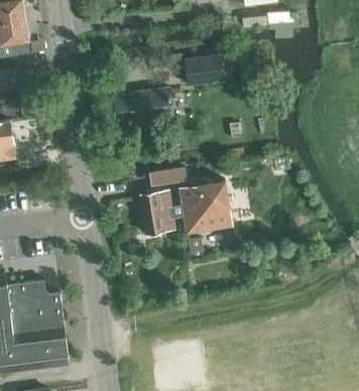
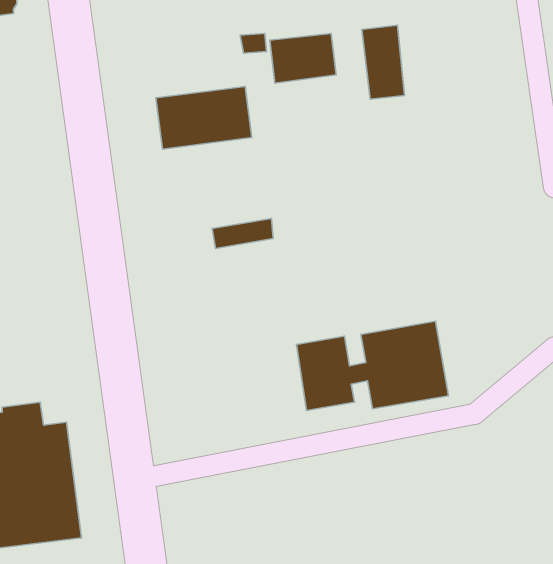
building: none -> [362,25,405,99]
building: [139,180,232,235] -> [296,321,449,411]

